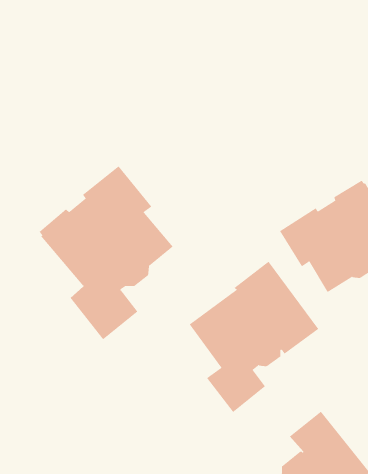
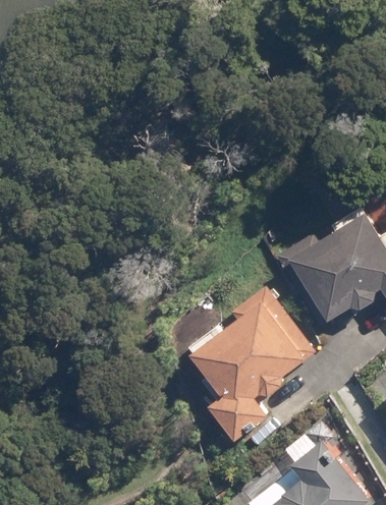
building: [39,166,173,340] -> none

